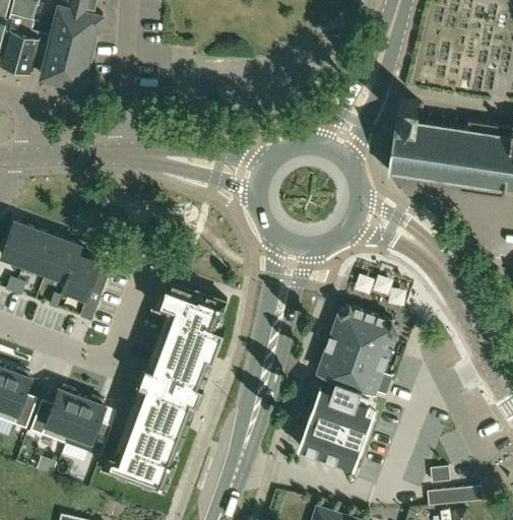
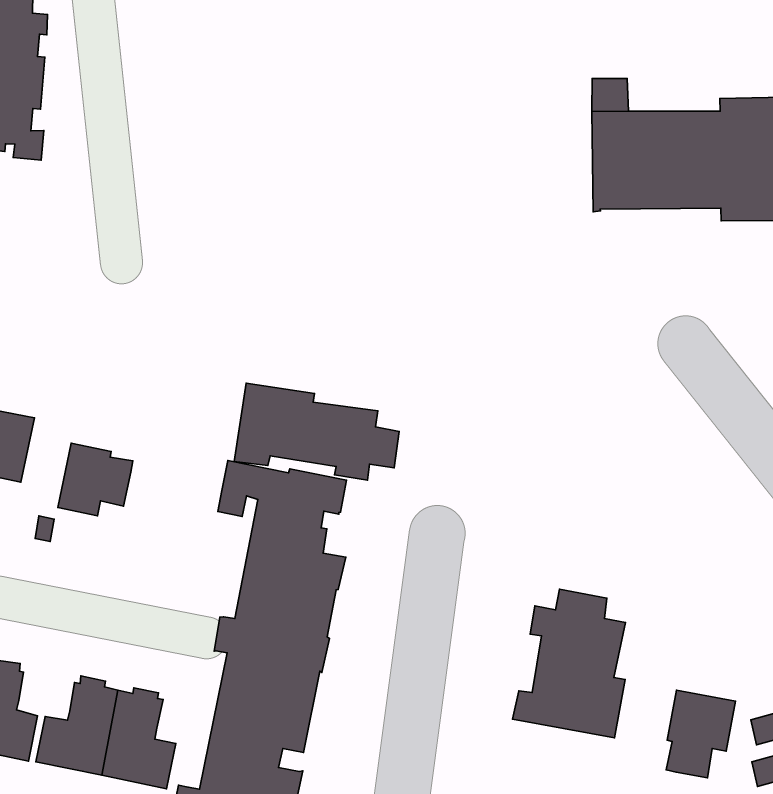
building: none -> [234,383,399,480]
building: [46,239,80,290] -> none
building: [317,306,396,394] -> none
building: none -> [666,690,735,778]

